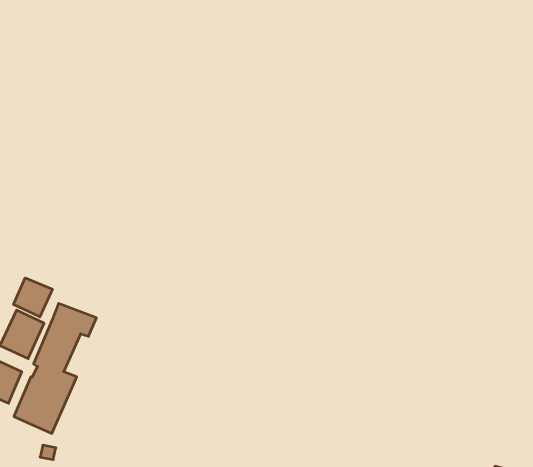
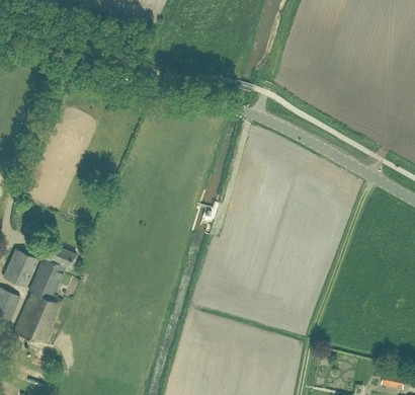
building: [14,278,52,317] -> none

